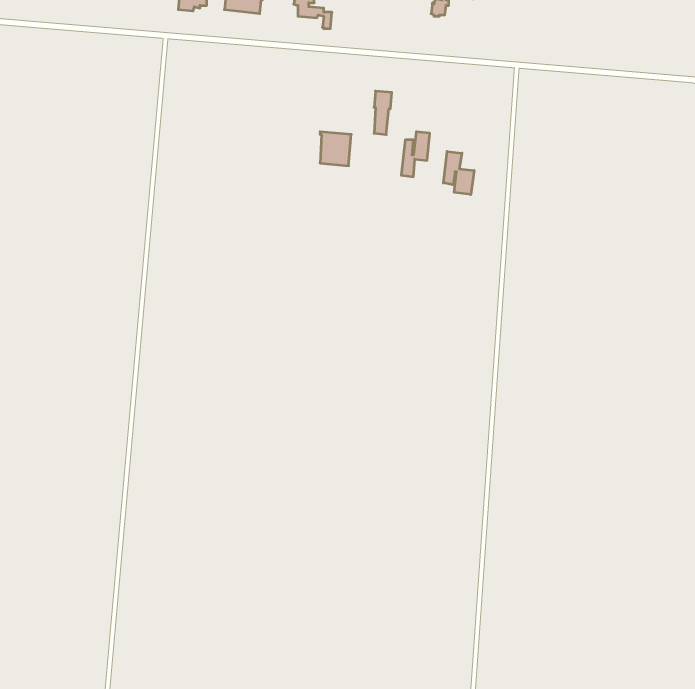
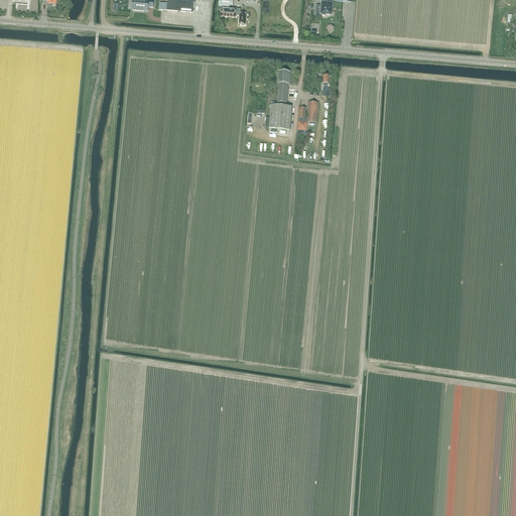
building: [320,132,351,166] -> [269,102,292,127]
building: [443,151,474,195] -> none

